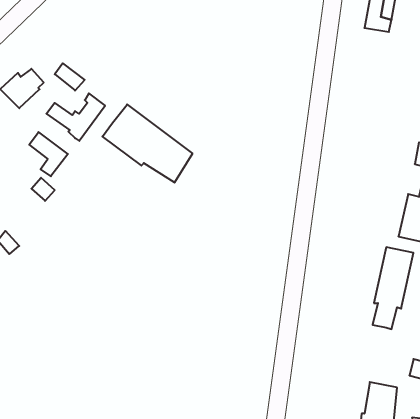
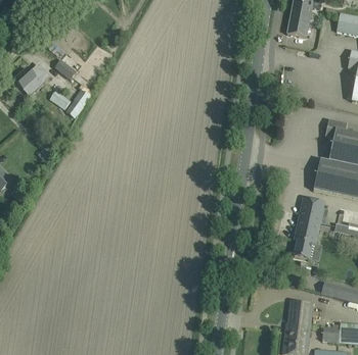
building: [102,104,192,183] -> none
building: [29,132,68,176] -> none

